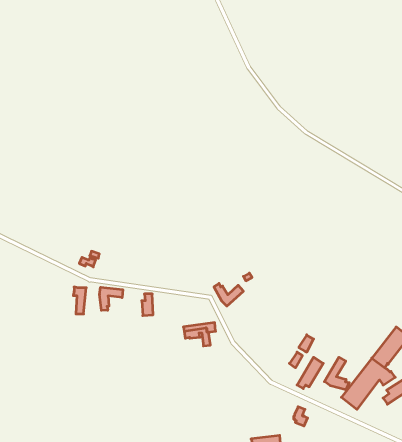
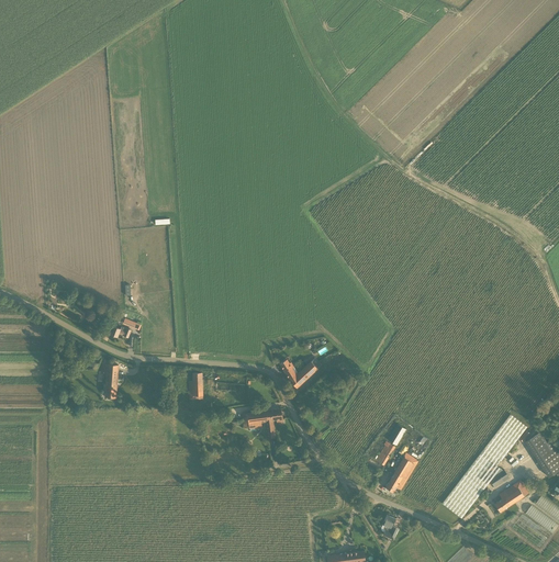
building: [100,287,123,310] -> none
building: [324,357,349,390] -> none

